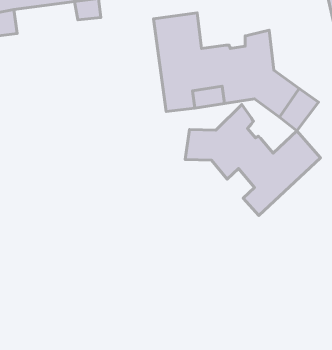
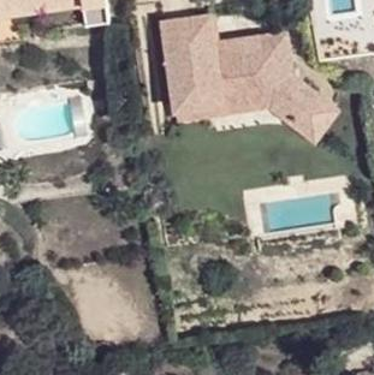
building: [185,105,320,216] -> none

